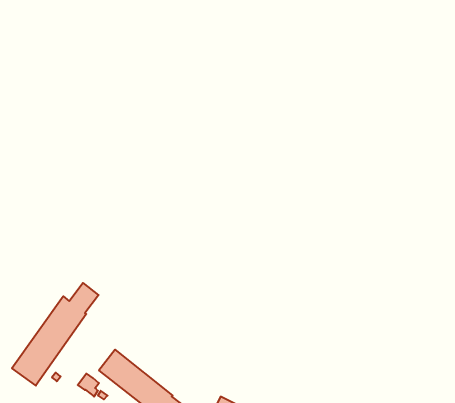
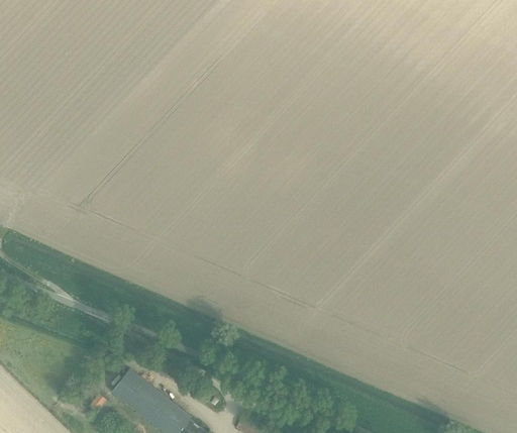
building: [12,283,99,386] -> none

